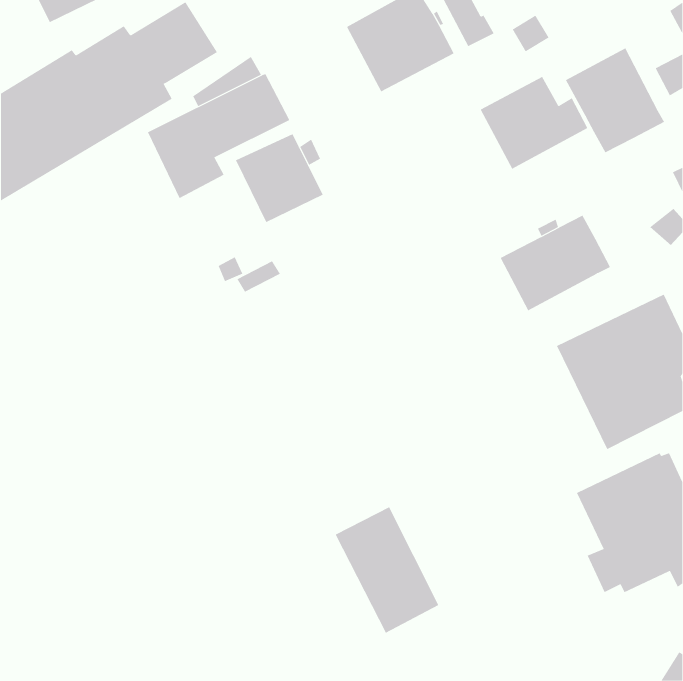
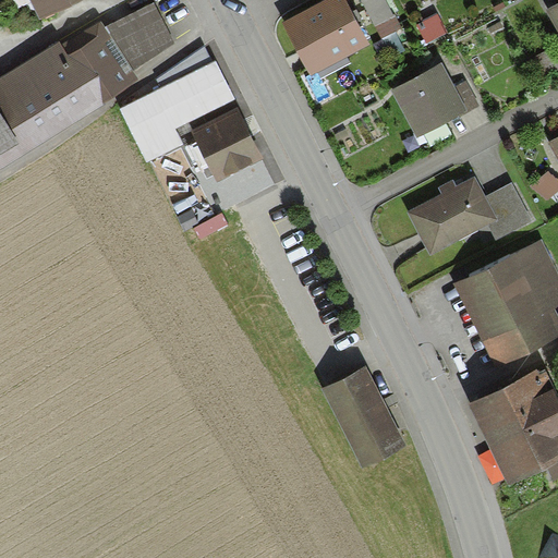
building: [565,48,665,153] -> none
building: none -> [486,181,533,239]
building: [335,506,439,633] -> [322,365,407,469]

